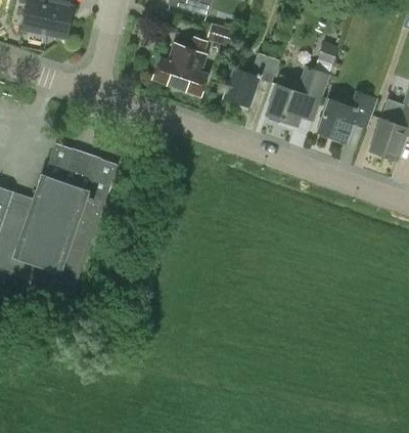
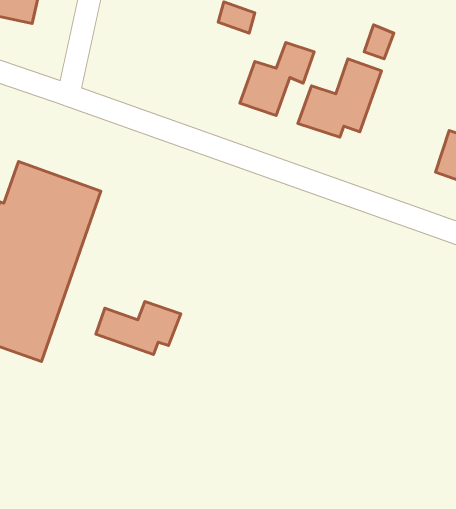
building: [154,36,208,95] -> none
building: [318,90,375,142] -> none
building: none -> [96,301,181,354]

